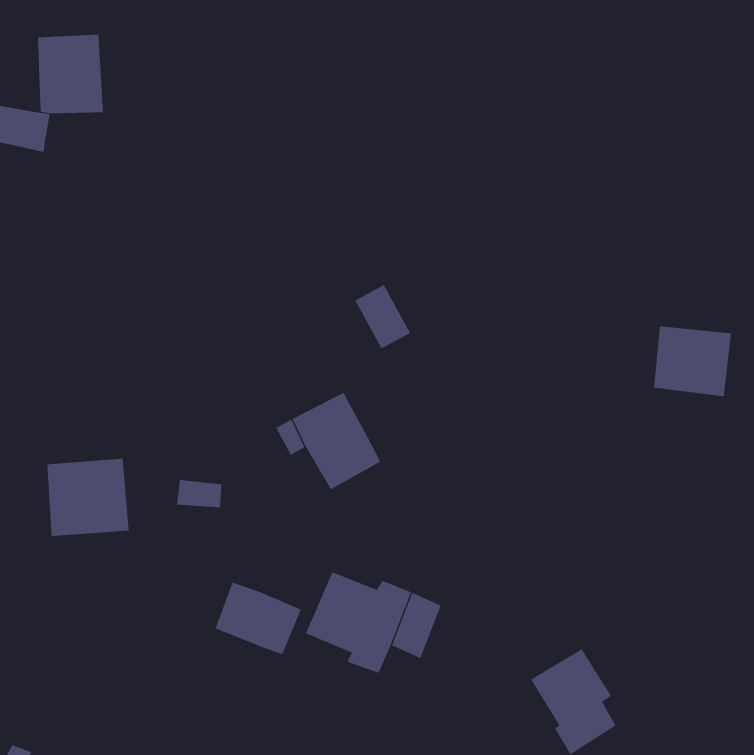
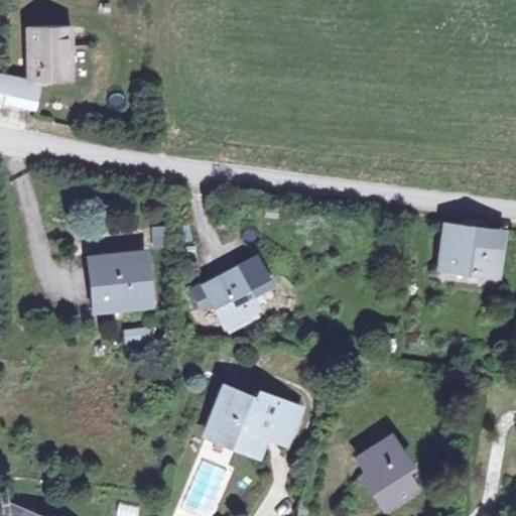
building: [355,284,411,349] -> [234,257,272,301]
building: [46,458,129,537] -> [95,254,151,307]
building: [215,582,302,655] -> none

